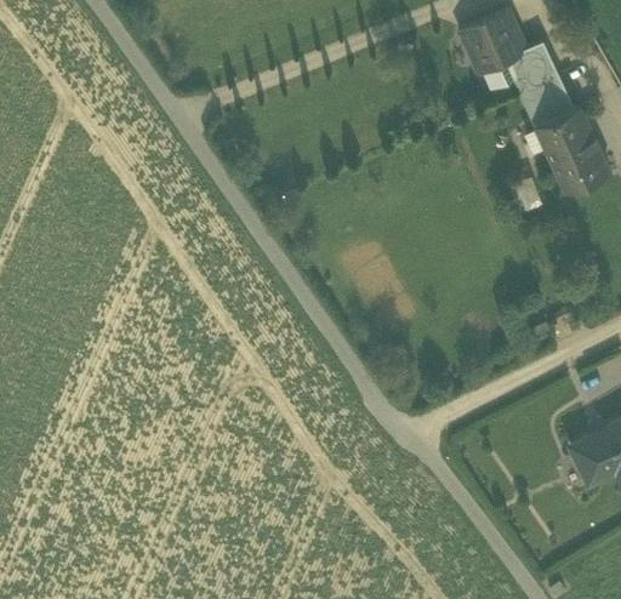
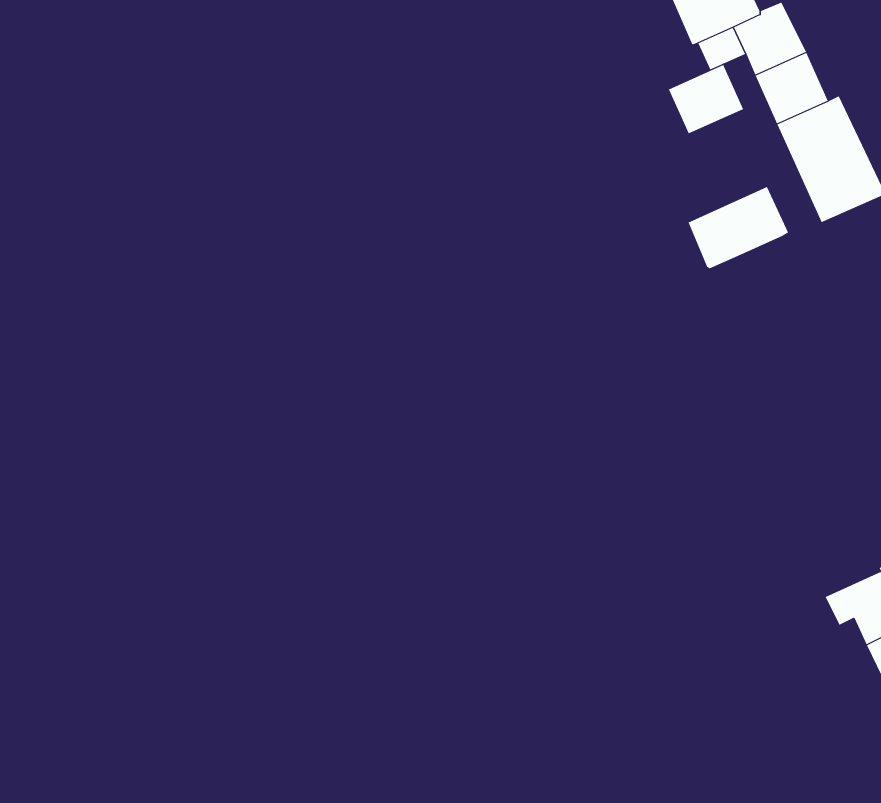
building: none -> [668,64,744,134]
building: none -> [688,186,789,269]

